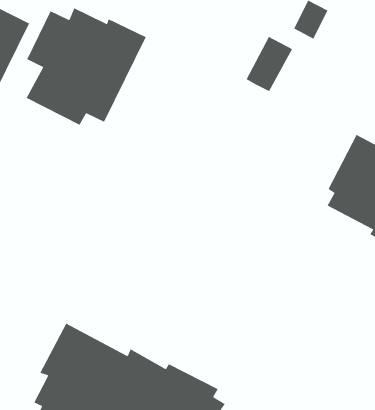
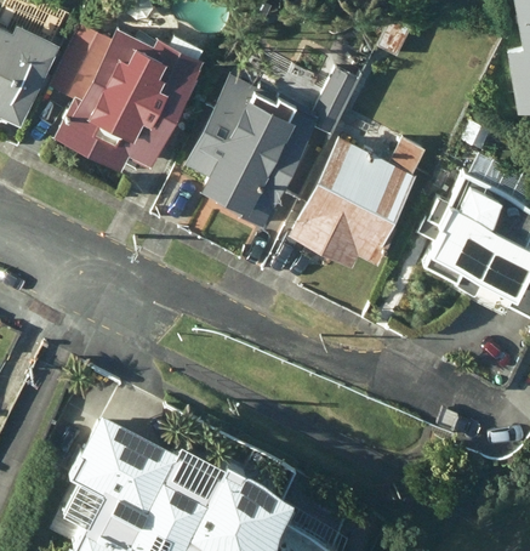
building: none -> [188,76,314,229]
building: none -> [291,138,423,267]

